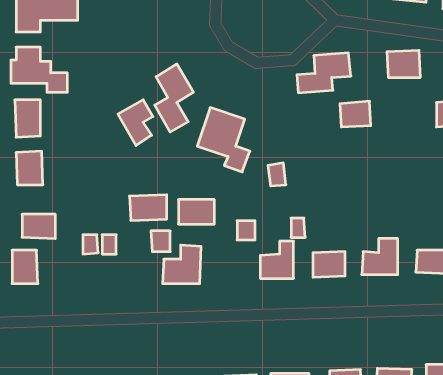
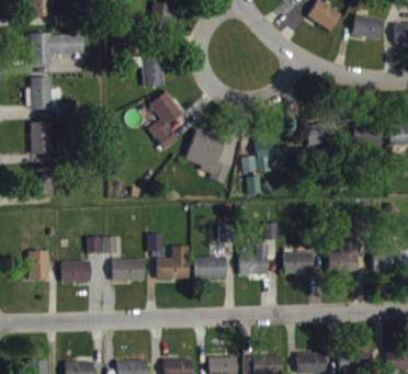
building: none -> [143,55,163,86]
building: [387,50,420,77] -> [353,121,382,144]
building: [297,53,351,93] -> [241,138,287,172]
building: [118,100,153,146] -> none
building: [129,195,167,220] -> [112,259,144,281]
building: [178,200,214,224] -> [195,257,226,277]
building: [22,214,55,239] -> [61,261,90,282]

